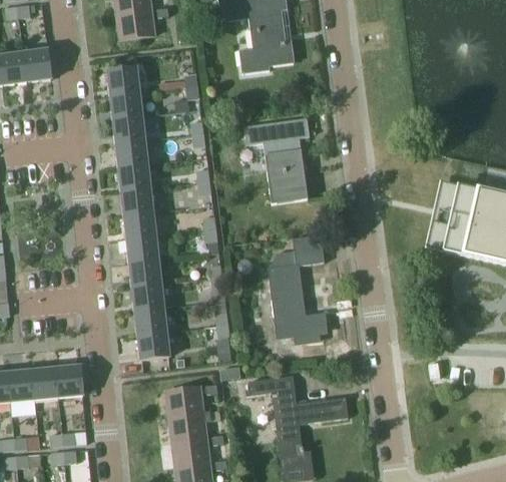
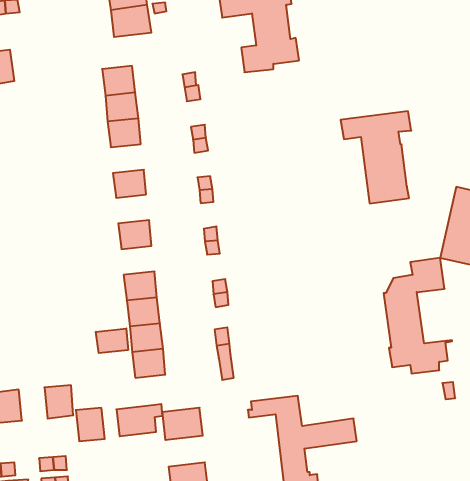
building: [23,48,52,81] -> none
building: [243,118,310,204] -> [341,111,411,203]
building: [117,140,148,167] -> none
building: [122,187,153,214] -> none
building: [268,234,332,343] -> [384,258,452,373]
building: [127,235,158,263] -> none
building: none -> [96,328,128,353]
building: [31,368,58,399] -> [76,408,105,441]
building: [168,412,211,442] -> [116,404,162,436]

